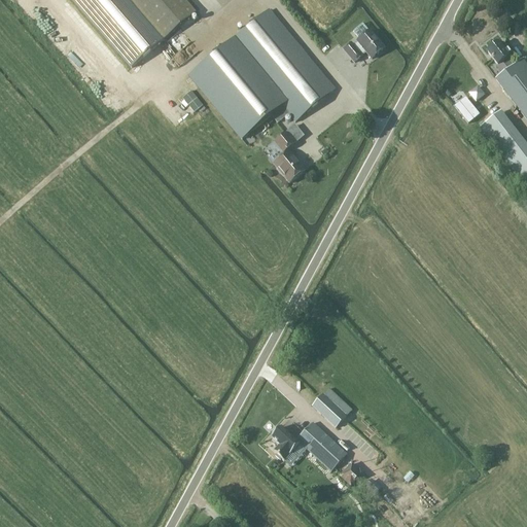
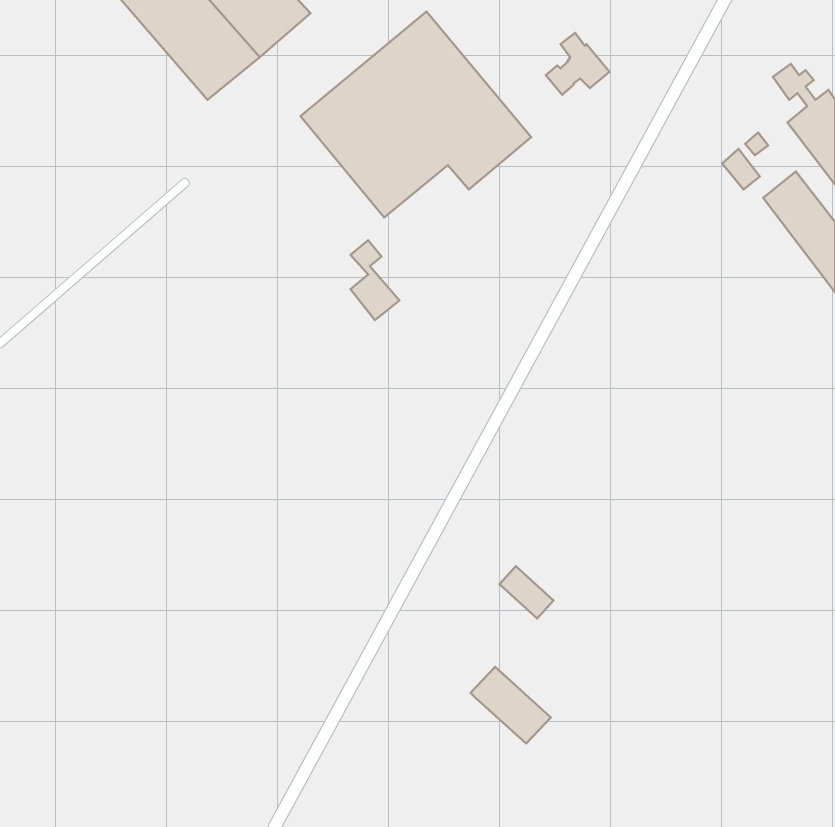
building: [274,131,305,181] -> [350,240,399,320]
building: [312,392,346,425] -> [499,566,553,619]
building: [271,424,300,458] -> none

